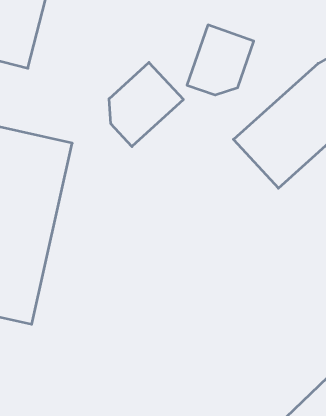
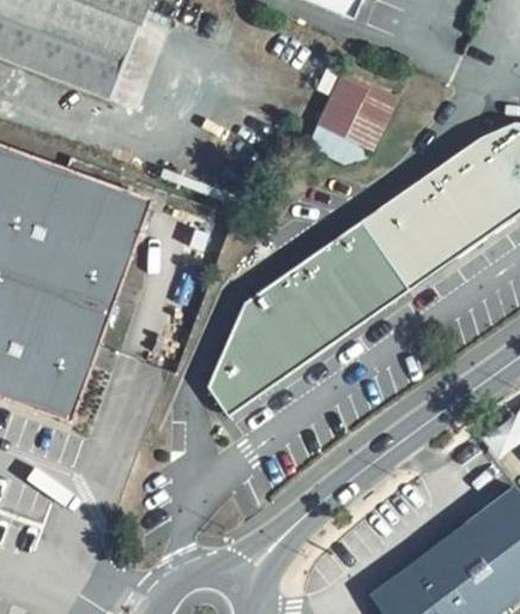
building: [109,62,183,147] -> none
building: none -> [206,219,409,416]

